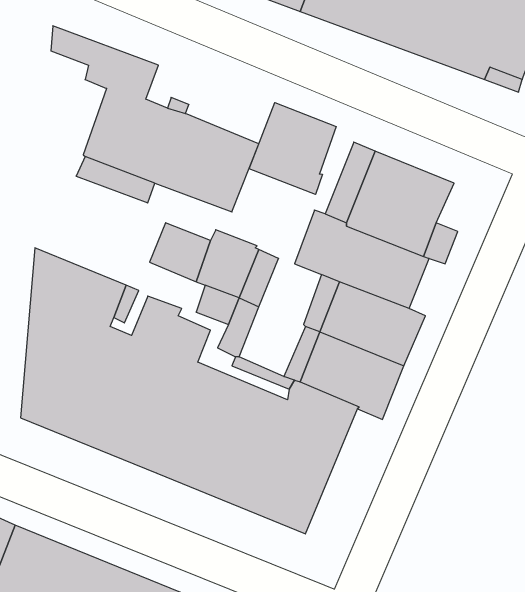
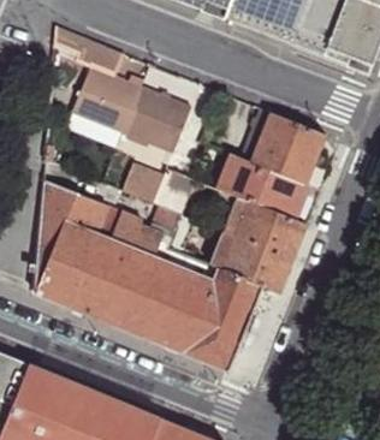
building: [249,103,336,194] -> none

